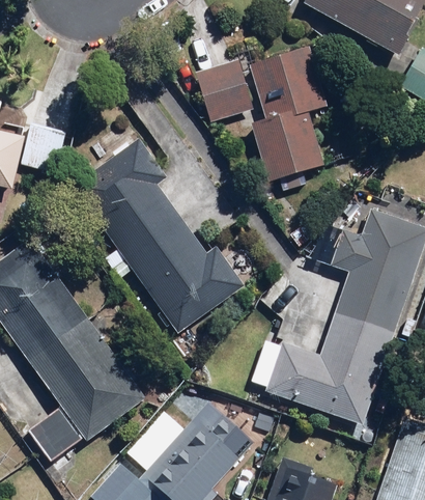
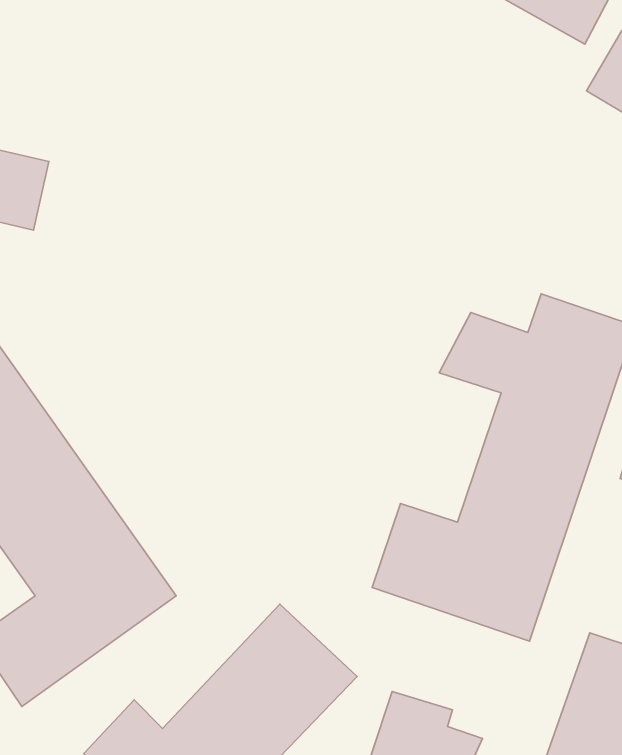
building: [249,52,325,183] -> none
building: [190,55,253,123] -> none
building: [73,136,246,331] -> none

